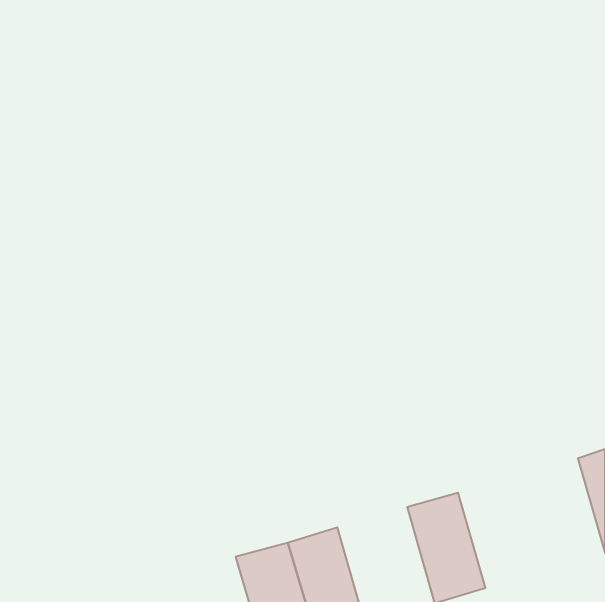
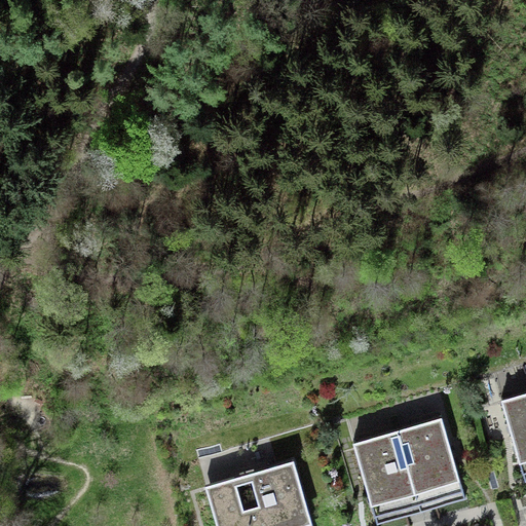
building: none -> [398,418,465,513]

